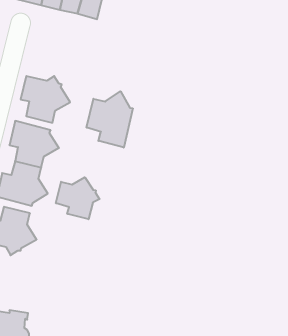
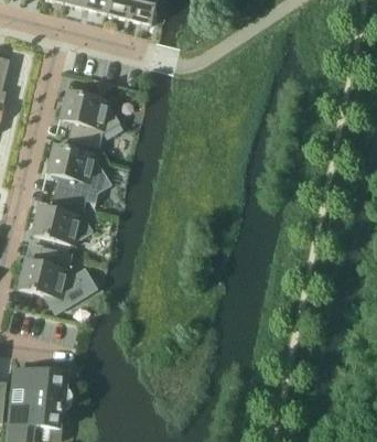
building: [87,91,133,148] -> none
building: [56,177,100,219] -> none

